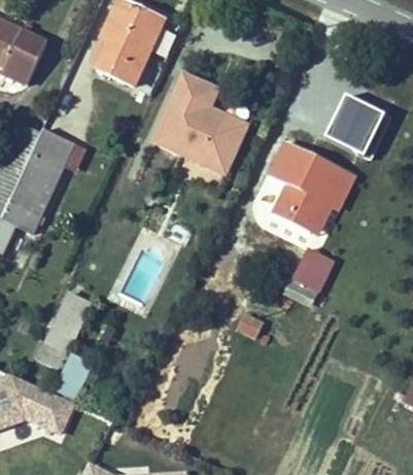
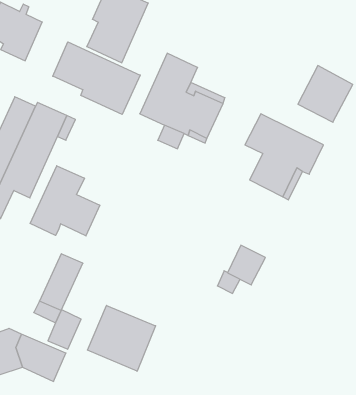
building: none -> [53,42,140,114]
building: none -> [30,166,100,236]
building: [294,248,335,292] -> [228,245,265,285]
building: none -> [88,305,156,371]

